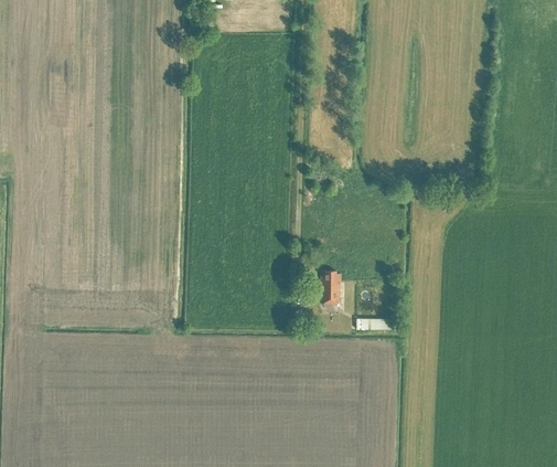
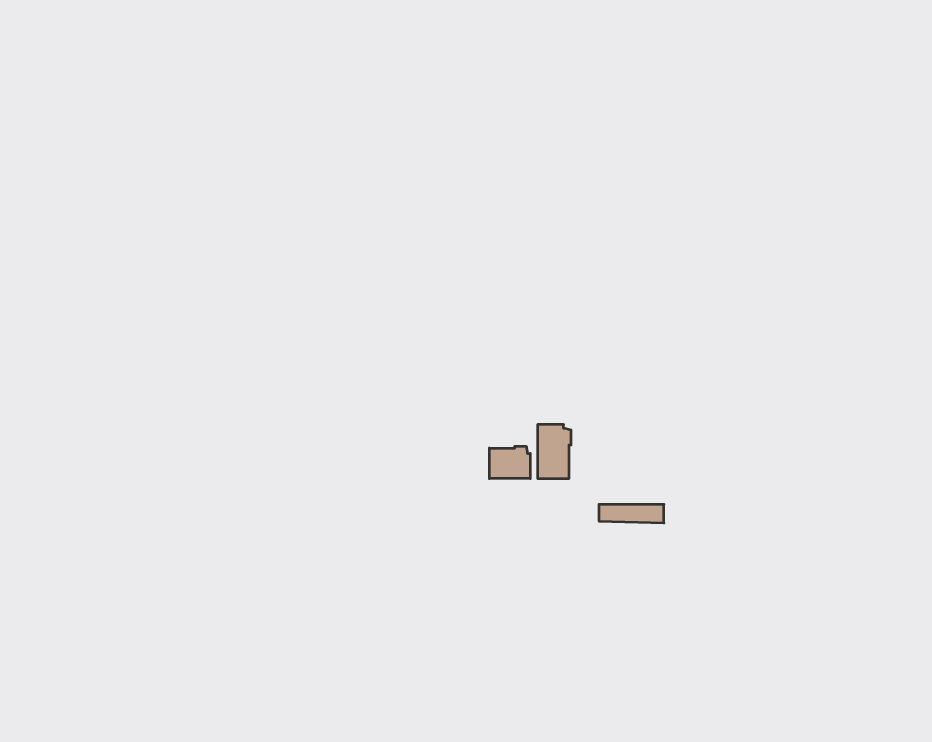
building: none -> [489,446,530,479]

